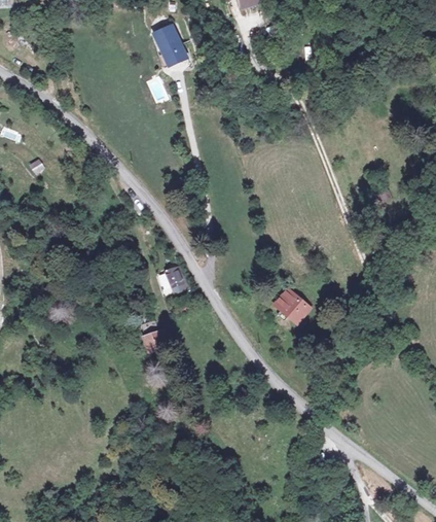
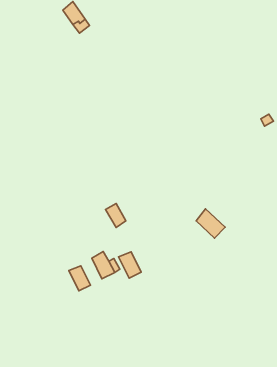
building: none -> [119,252,141,278]
building: none -> [69,266,90,291]

